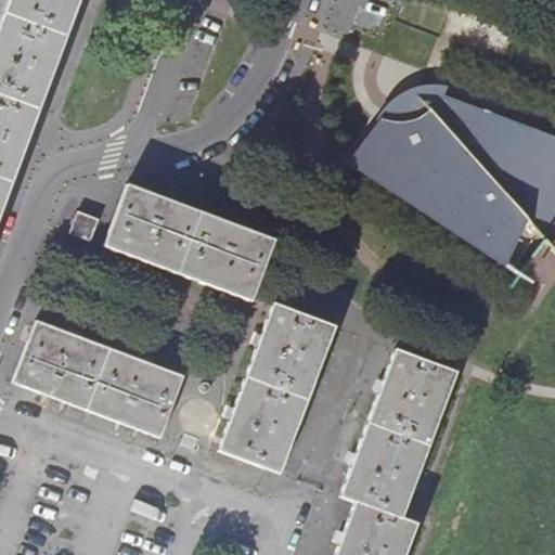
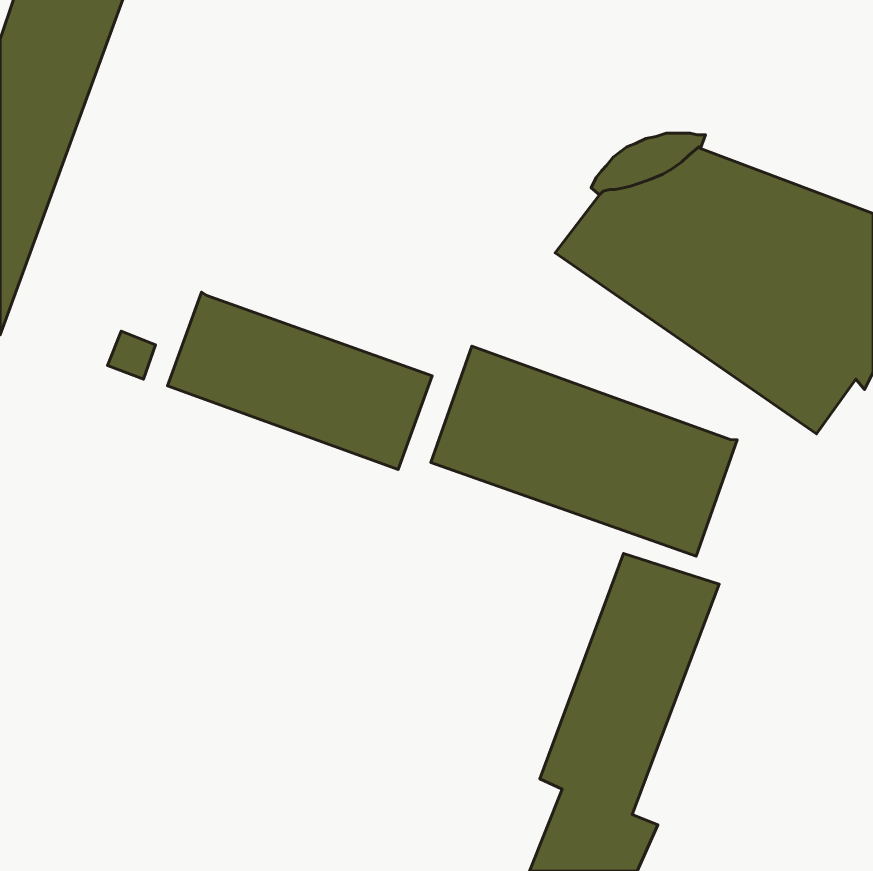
building: none -> [431,346,737,556]
building: [222,304,334,472] -> none
building: [15,322,184,438] -> none

